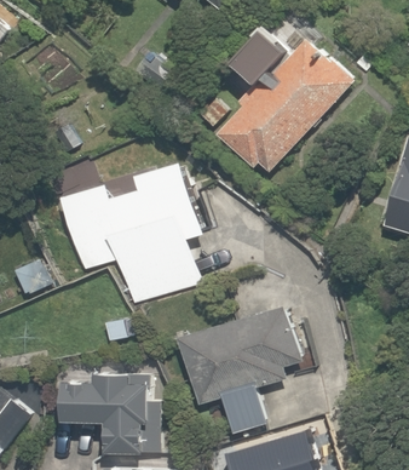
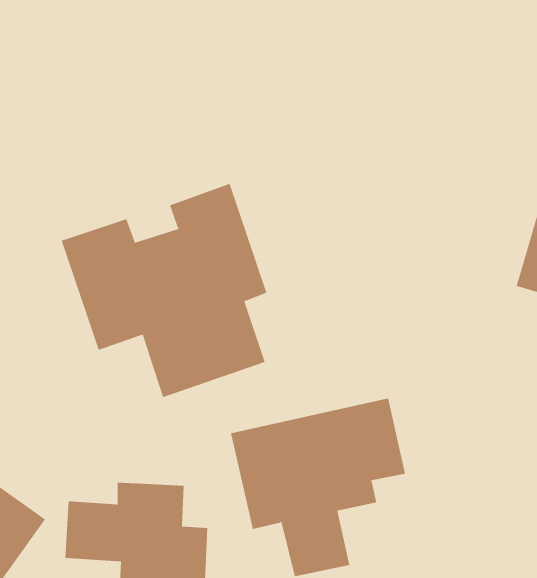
building: [207,29,352,173] -> none

